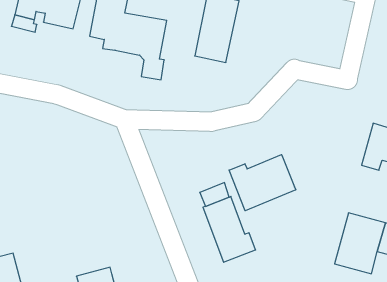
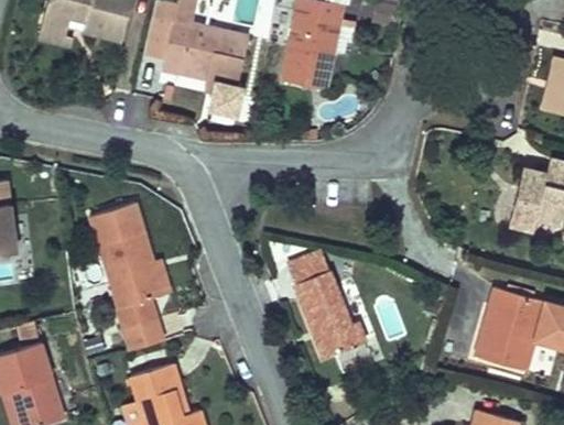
building: none -> [88,201,172,355]
building: [229,155,296,211] -> none

